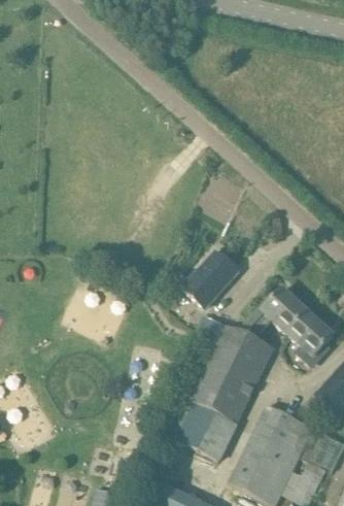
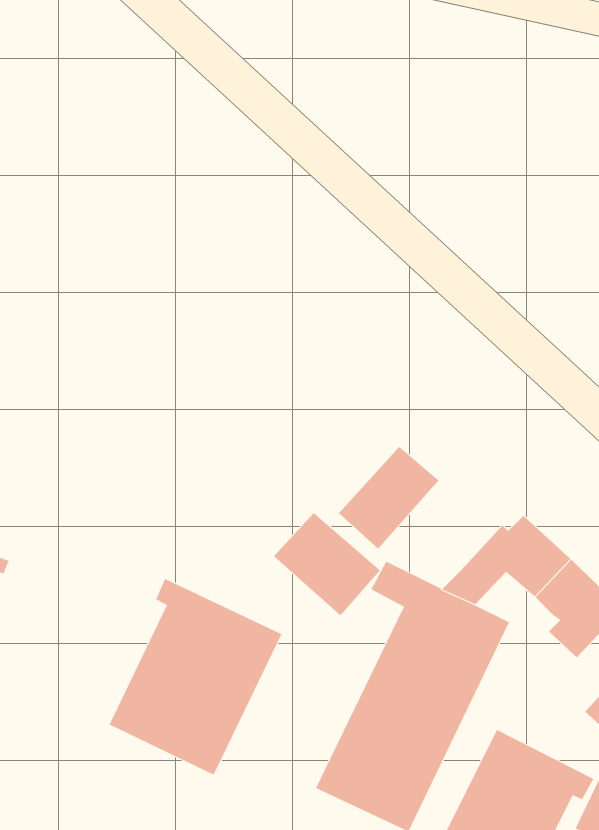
building: none -> [273,512,381,616]
building: none -> [109,578,282,775]

